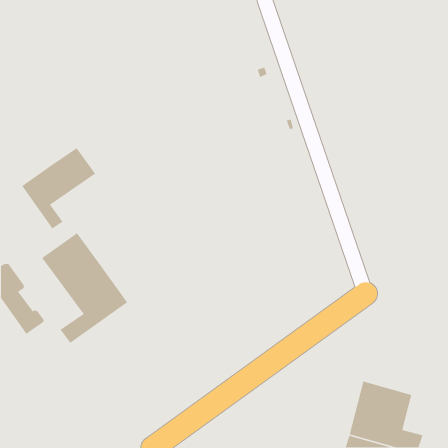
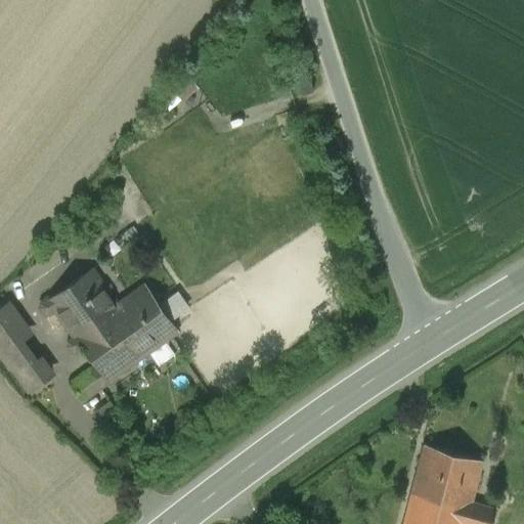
building: [21,147,96,229] -> none
building: none -> [116,286,178,353]

